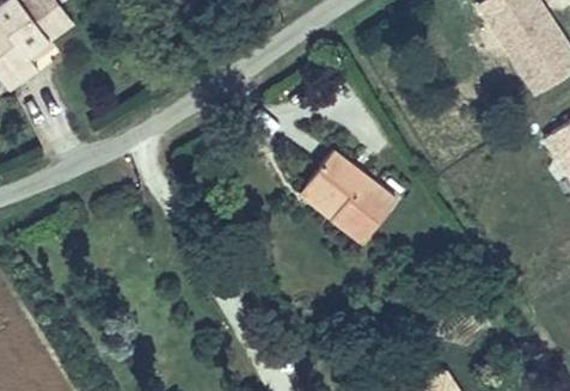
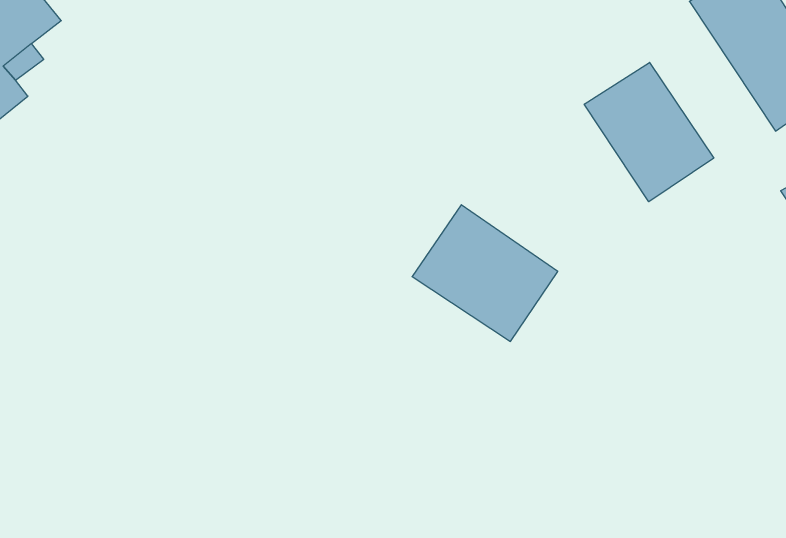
building: none -> [584,62,714,202]

